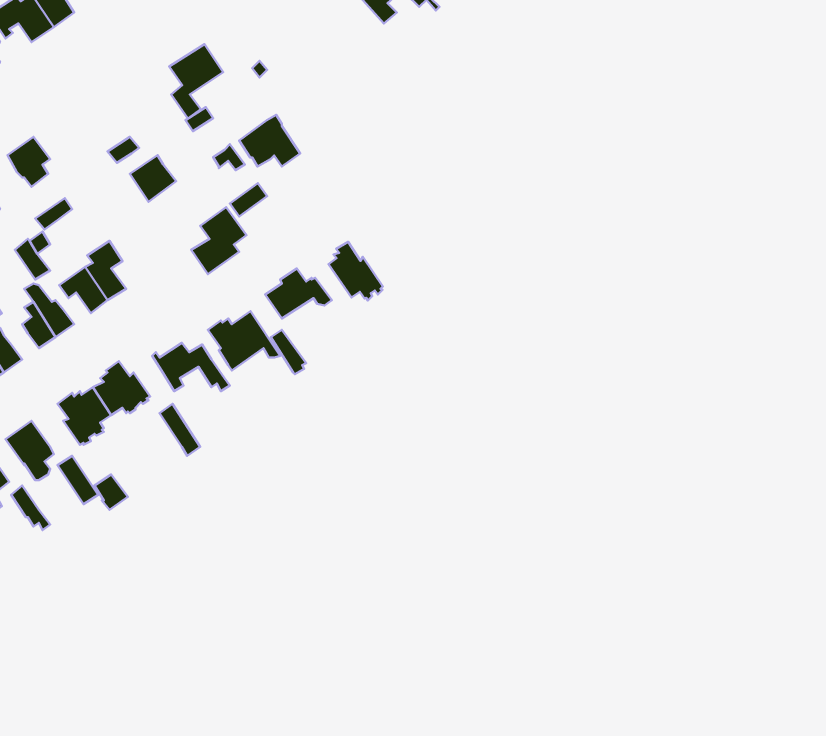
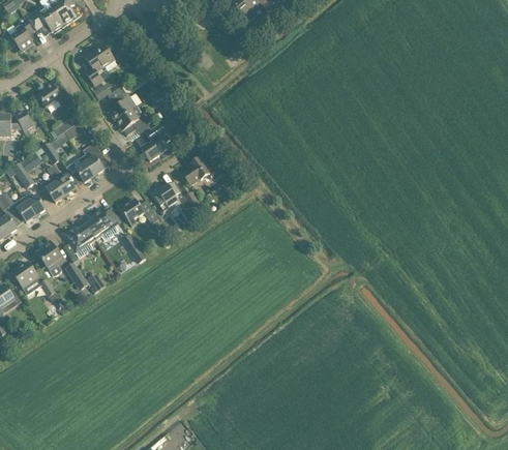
building: [169,44,223,119] -> [85,44,115,86]
building: [239,115,300,167] -> [117,107,151,136]
building: [328,242,383,301] -> none

